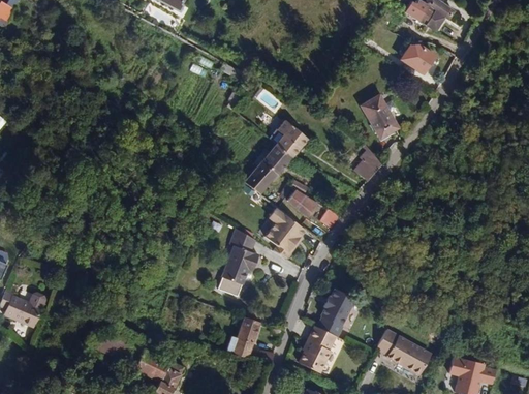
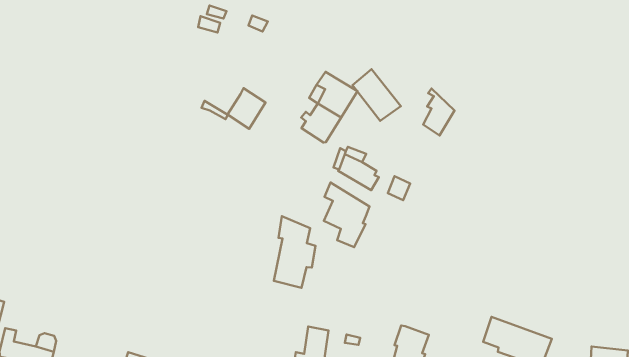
building: [362,96,397,138] -> [353,69,401,121]
building: [244,161,275,193] -> [227,88,266,129]
building: [318,287,355,336] -> none

